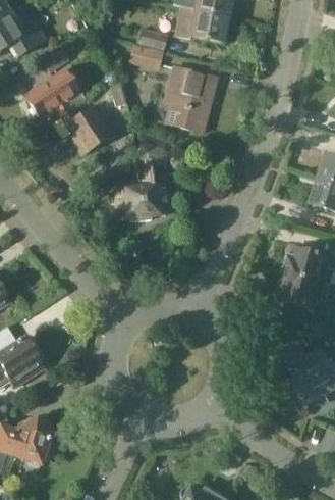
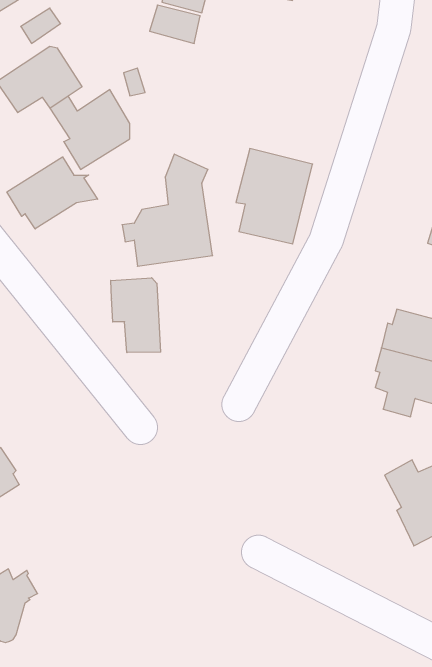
building: [165,67,216,131] -> [236,149,313,244]
building: none -> [7,157,98,229]
building: none -> [111,278,161,353]

